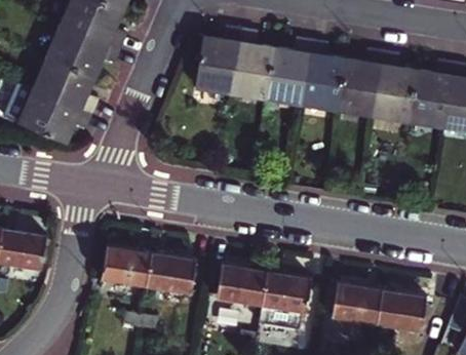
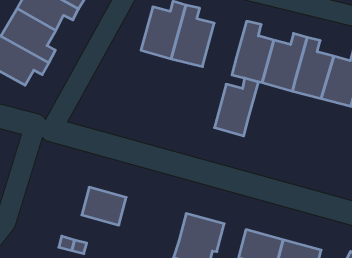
building: [268,40,313,107] -> [214,78,258,136]
building: [103,246,152,286] -> none
building: [217,265,267,305] -> none

